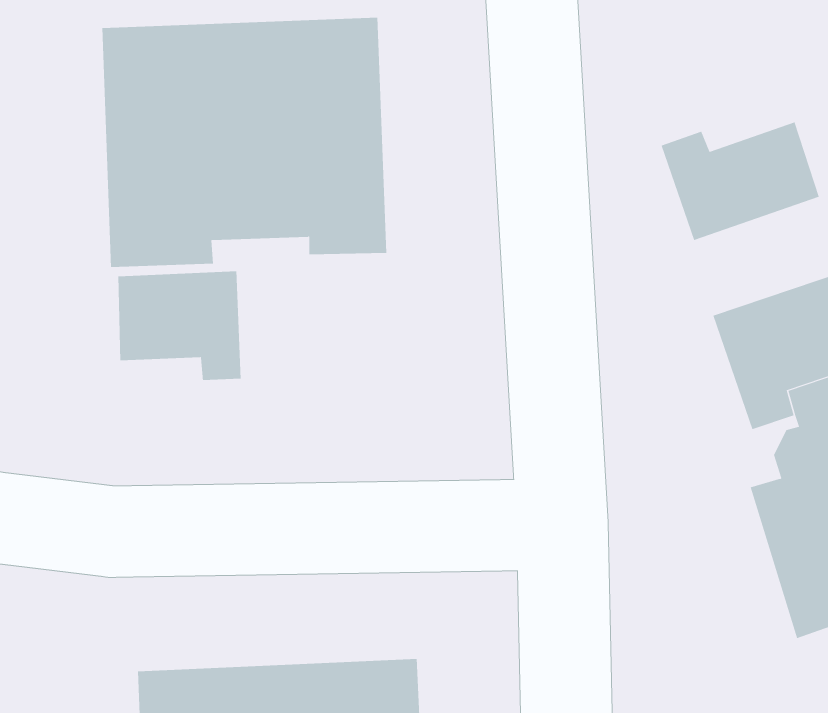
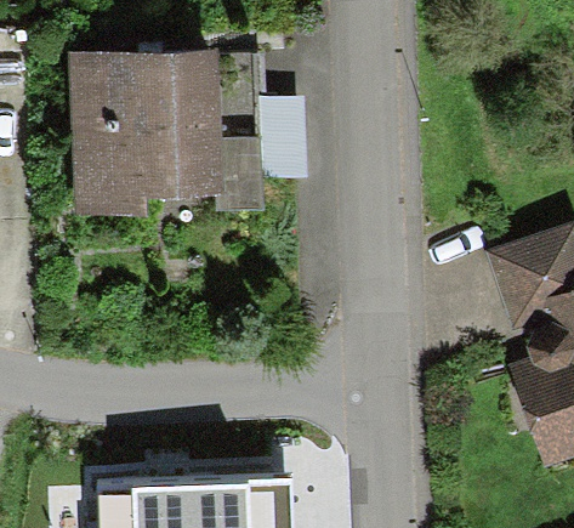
building: [661,122,819,241] -> none
building: [118,271,241,381] -> none

